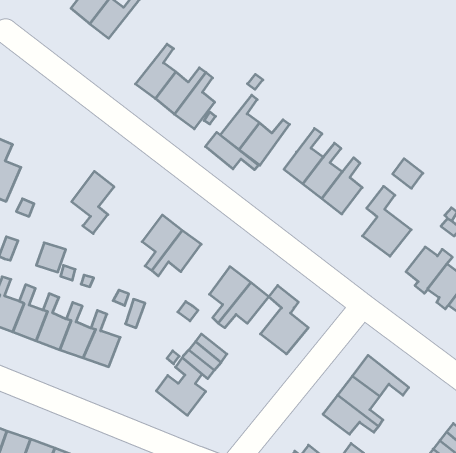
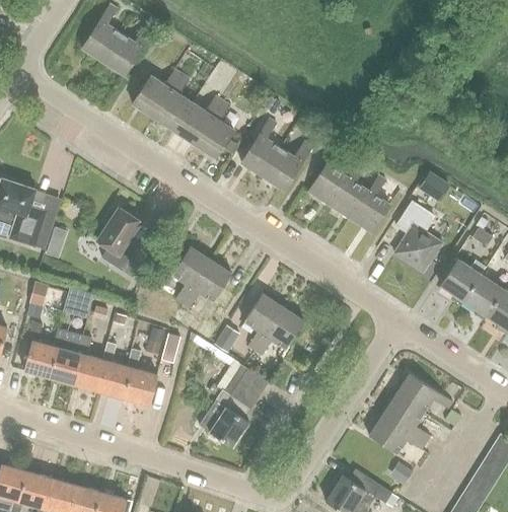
building: none -> [132,70,182,118]
building: [205,132,259,170] -> none
building: [260,285,308,354] -> none

